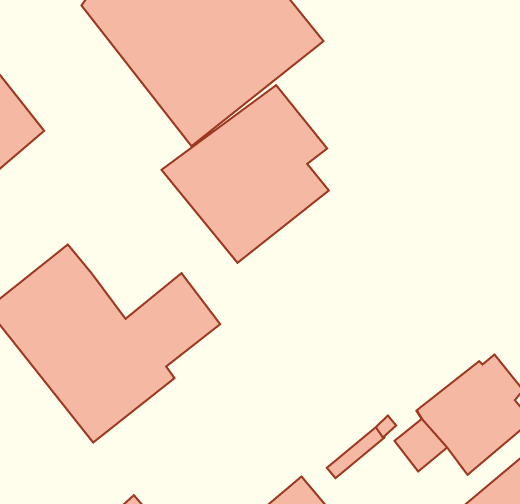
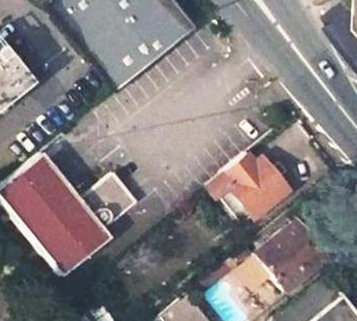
building: [162,85,329,263] -> none
building: none -> [213,153,287,219]

